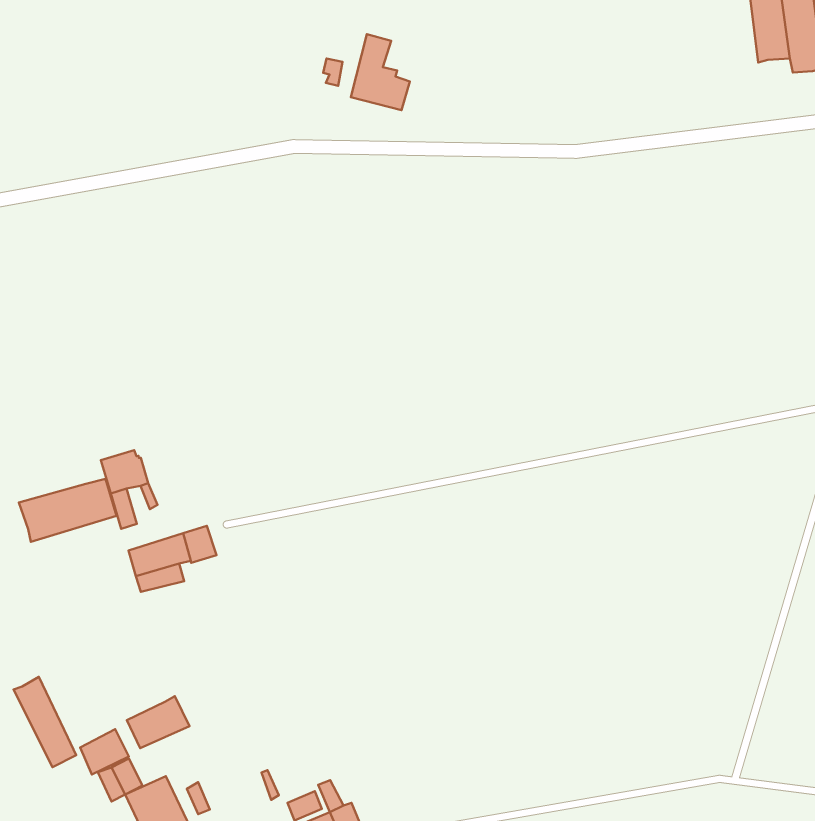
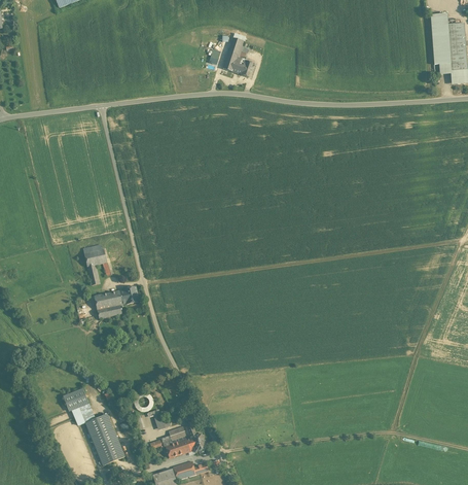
building: [19,479,116,542] -> none
building: [14,677,76,767] -> none
building: [127,696,190,748] -> none

